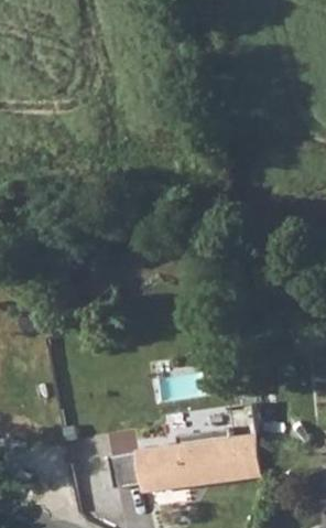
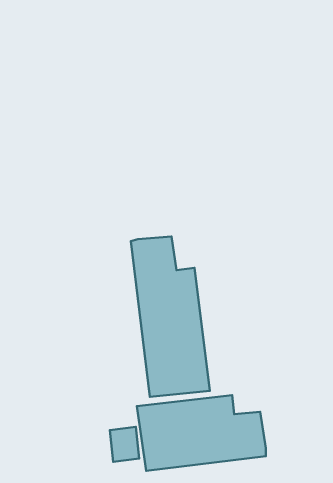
building: none -> [131,237,210,397]

